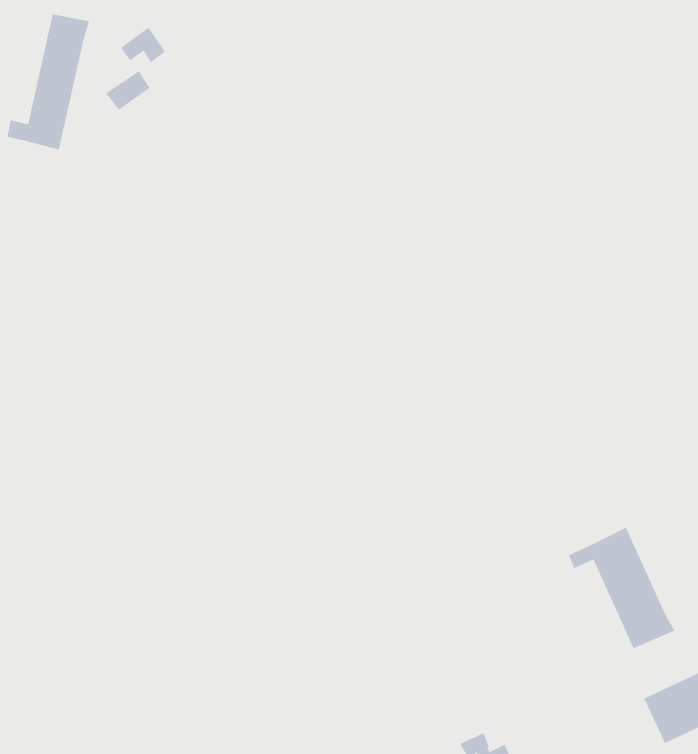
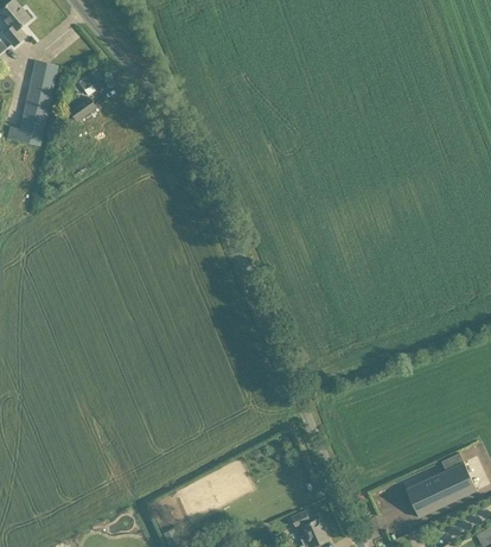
building: [568,527,675,649] -> none

